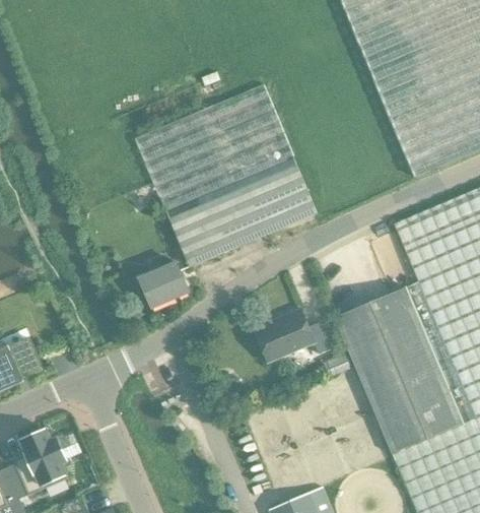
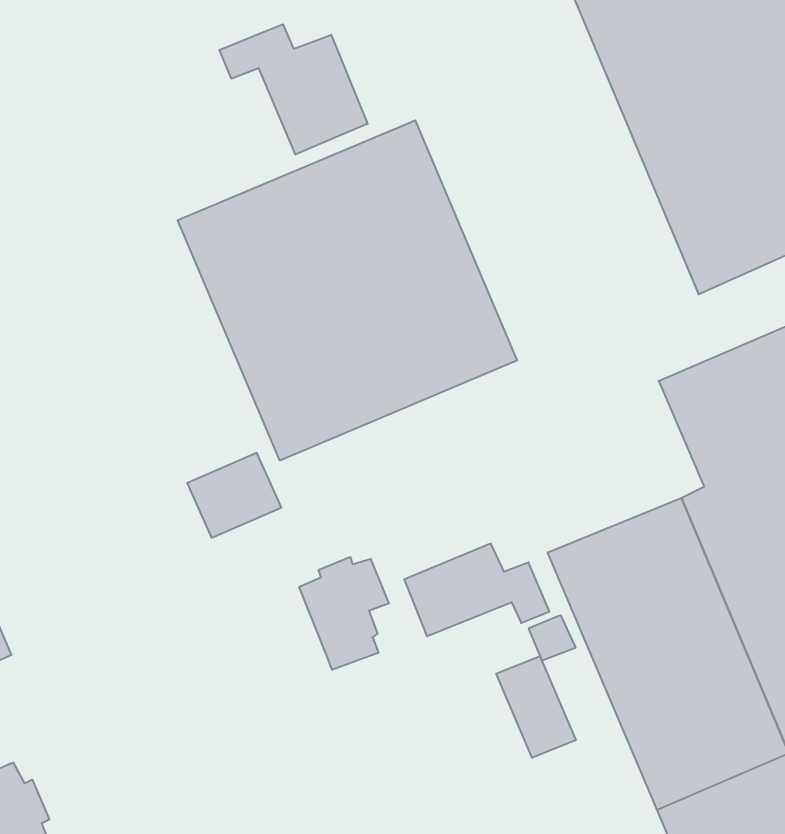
building: none -> [219,24,368,155]
building: none -> [299,557,389,670]
building: none -> [496,656,576,758]

